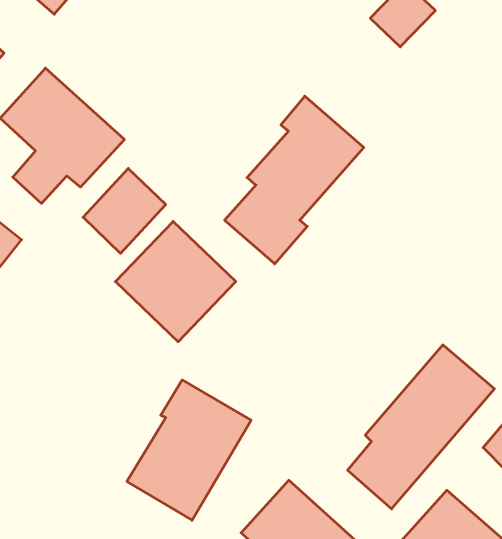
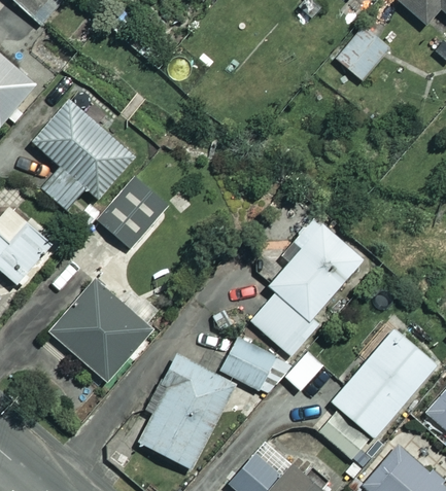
building: [225,96,364,264] -> [249,218,364,356]
building: [115,221,236,342] -> [49,281,148,380]
building: none -> [221,338,287,396]

